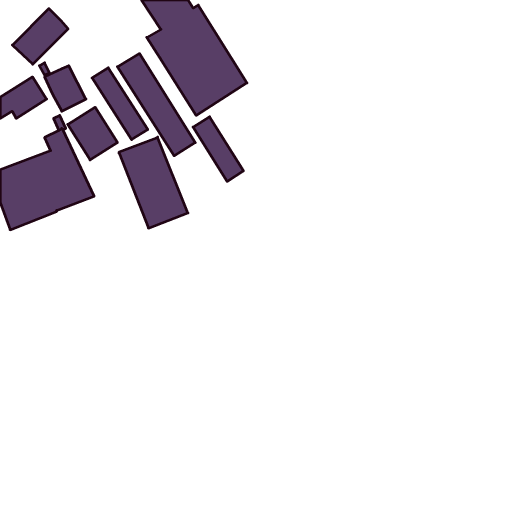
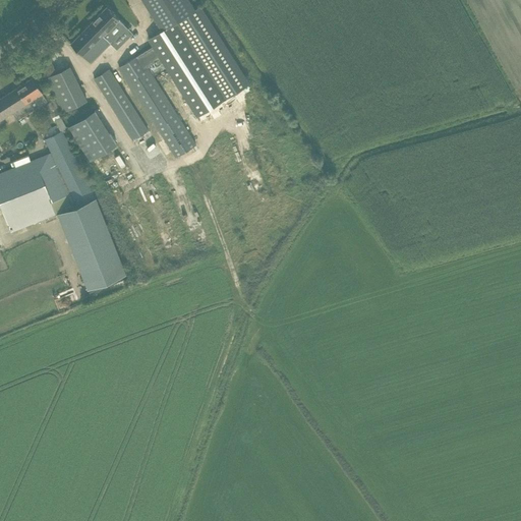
building: [12,9,68,64] -> [70,8,126,64]
building: [193,117,243,181] -> none
building: [119,137,188,228] -> [57,198,126,290]

